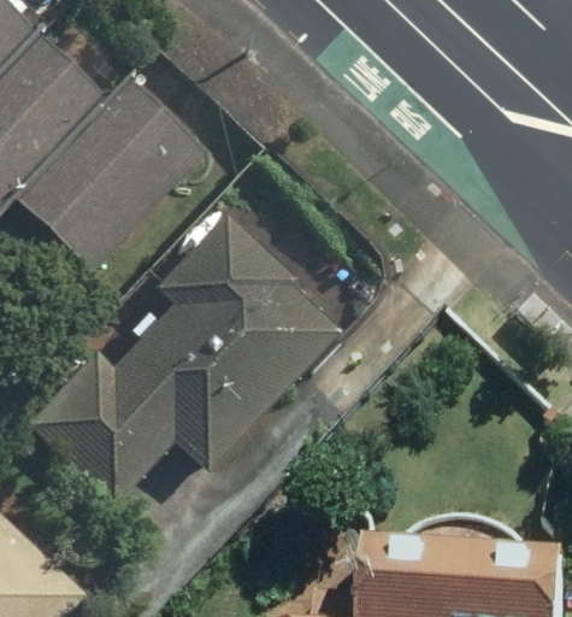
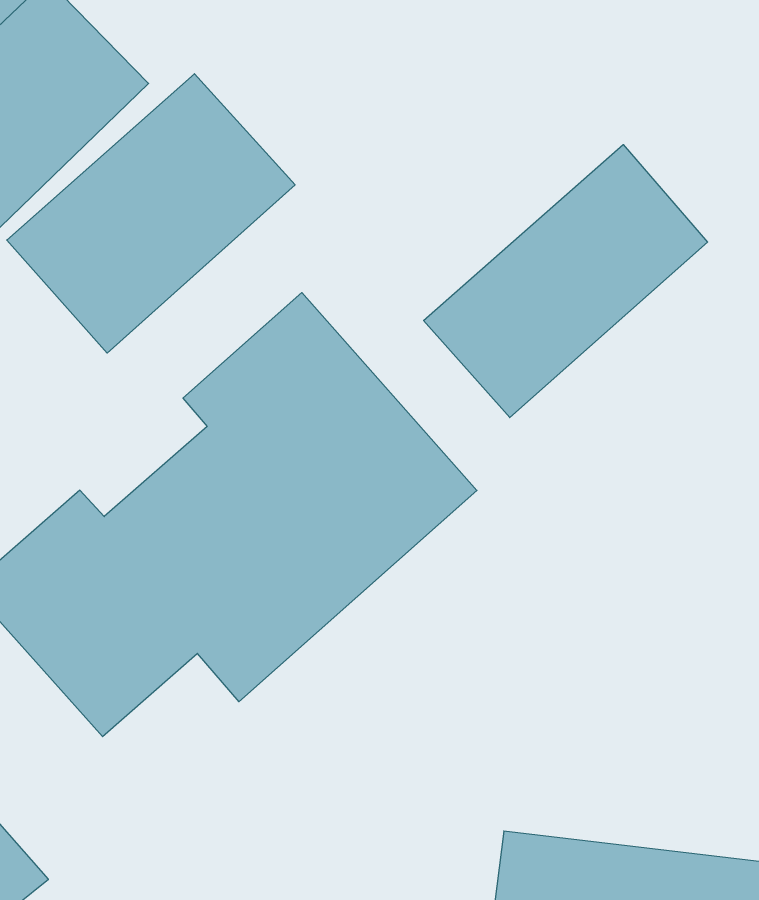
building: none -> [424,145,708,418]

